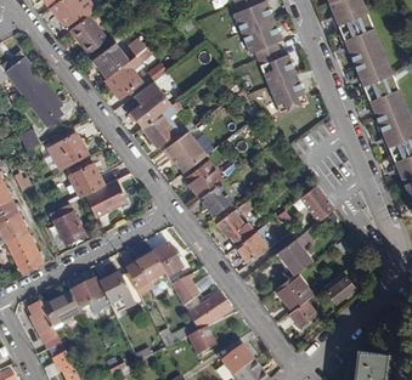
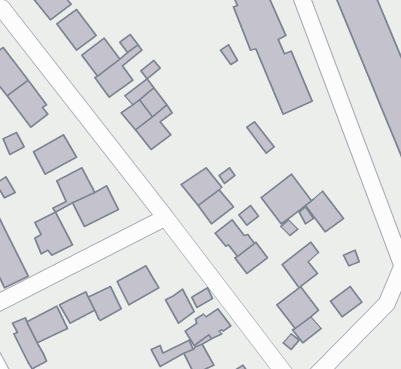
building: [163,130,207,171] -> none
building: none -> [261,174,311,224]
building: [152,243,181,284] -> none

